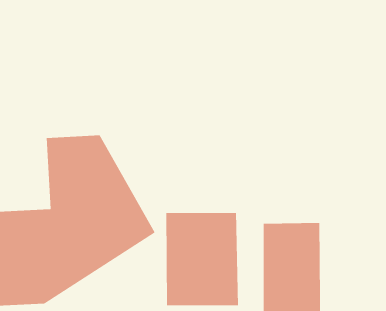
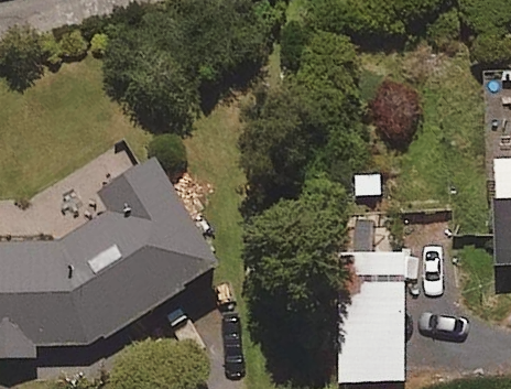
building: [166,212,239,306] -> none

